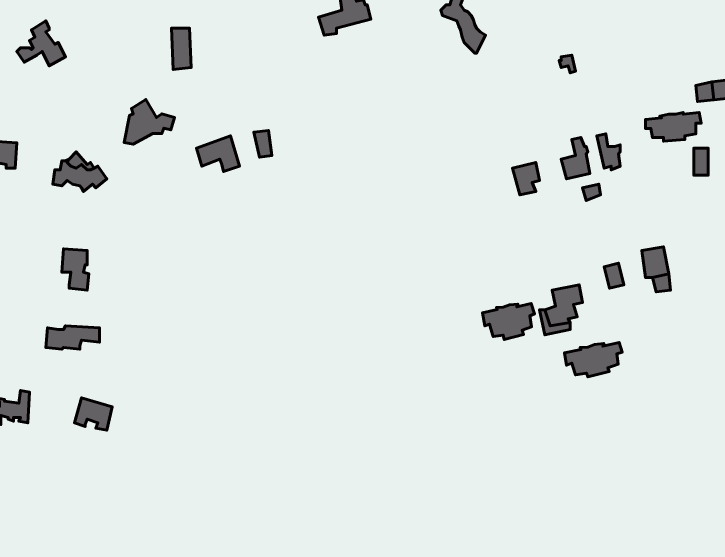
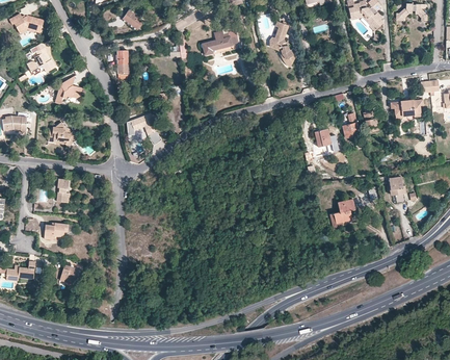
building: [124,99,175,144] -> [56,78,85,104]
building: [483,304,534,339] -> none
building: [565,343,622,377] -> none

